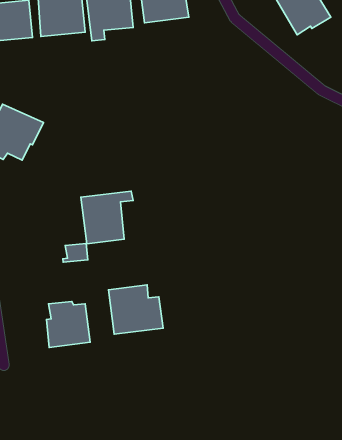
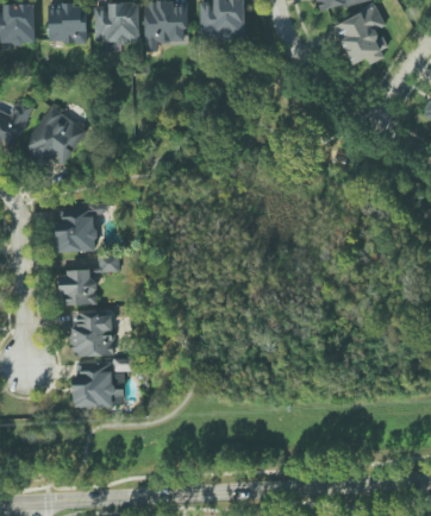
building: [81,191,133,244] -> [56,204,108,253]
building: none -> [58,271,96,306]
building: [109,285,163,334] -> [73,361,124,408]

